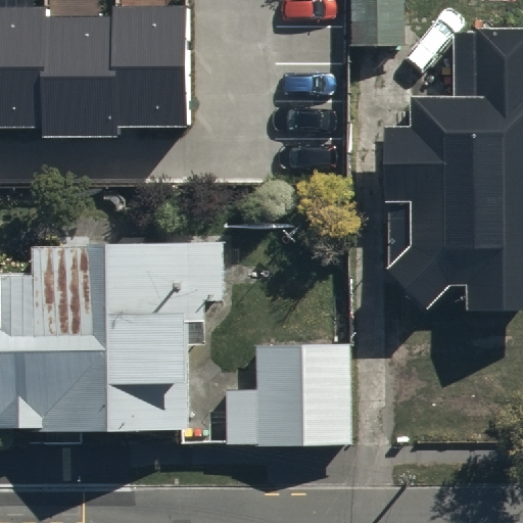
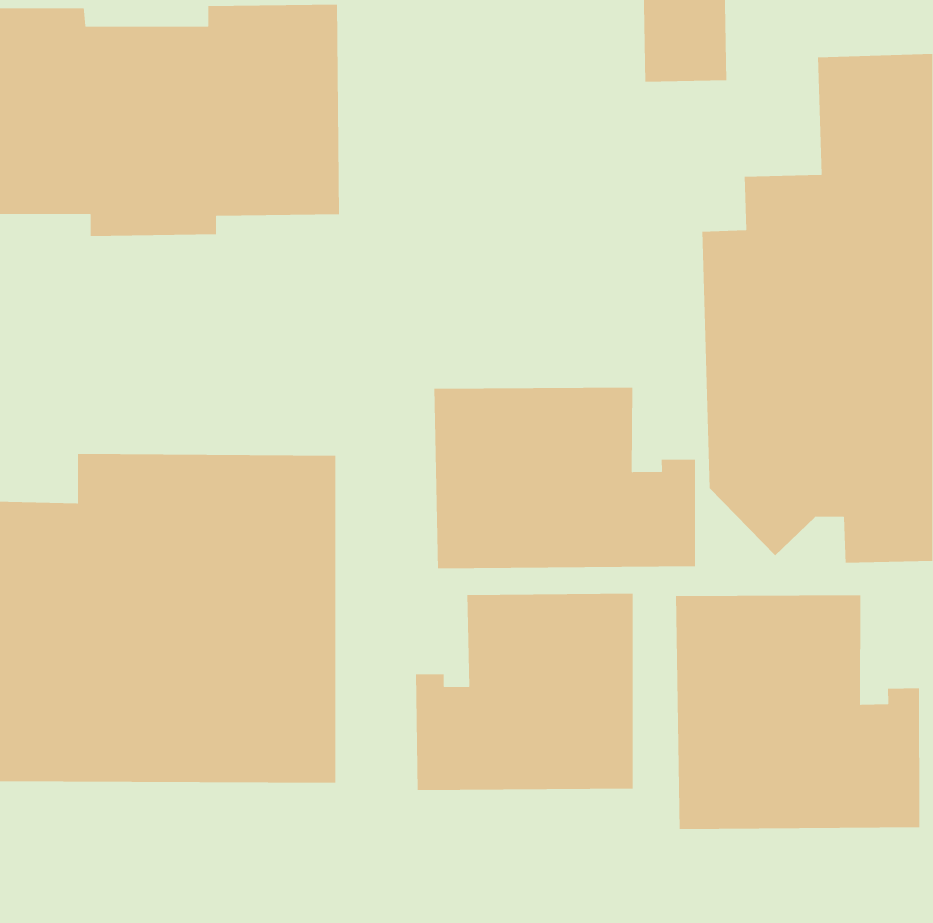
building: none -> [434,387,696,569]
building: none -> [675,594,920,830]

